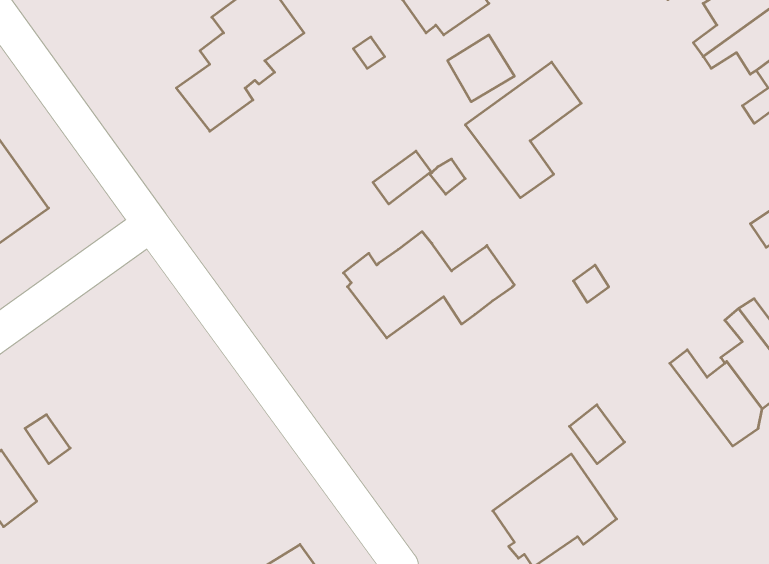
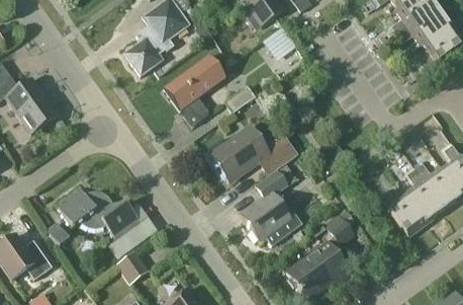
building: [465,62,581,198] -> [165,56,224,126]
building: none -> [242,162,303,245]
building: none -> [57,185,142,240]
building: none -> [116,249,151,284]

